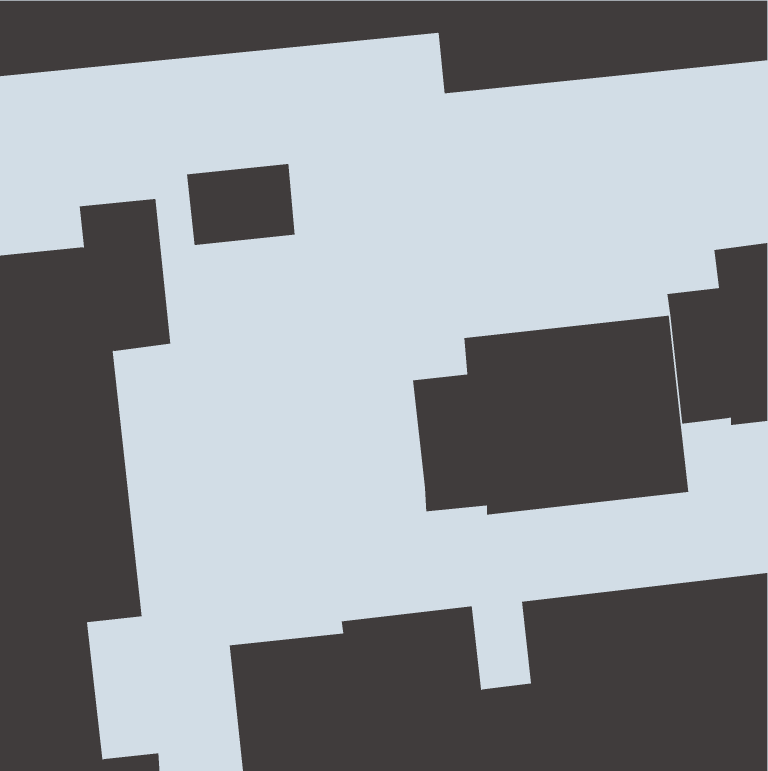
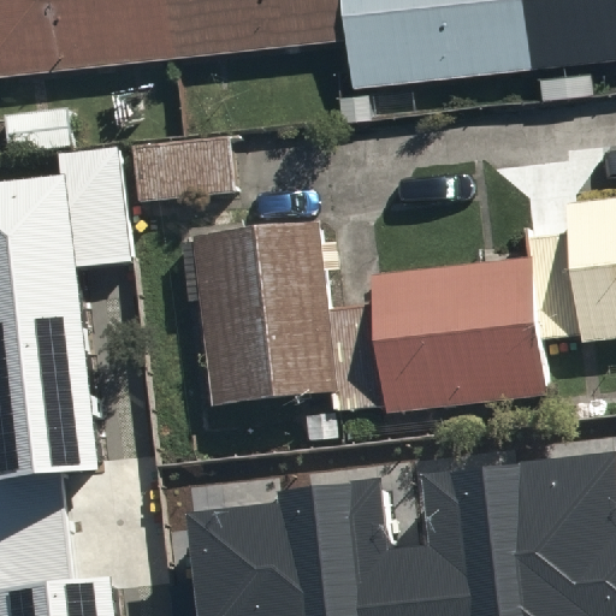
building: none -> [180,219,339,402]

